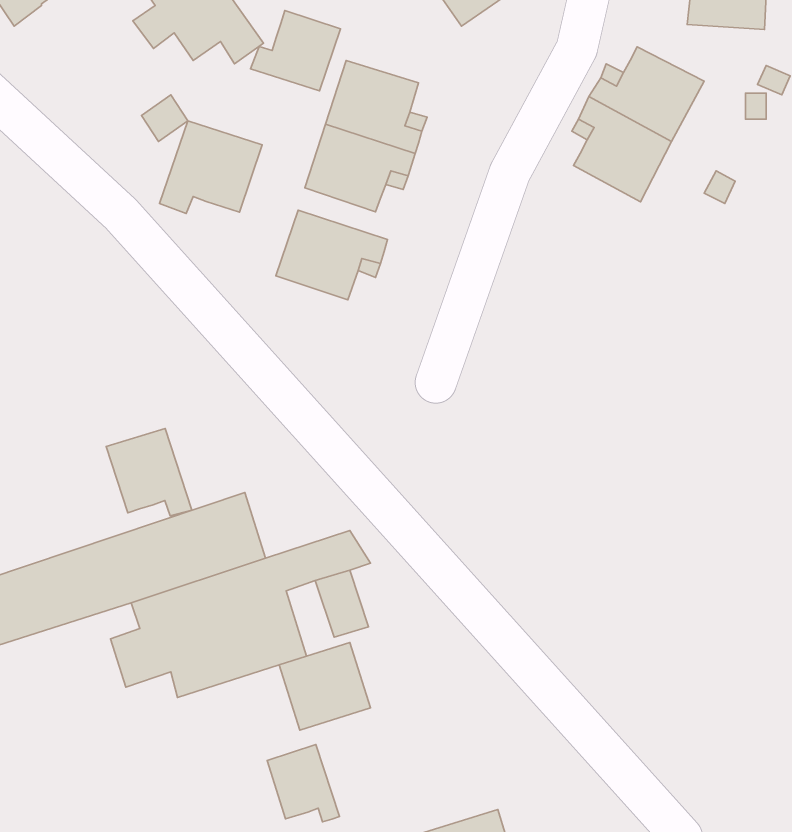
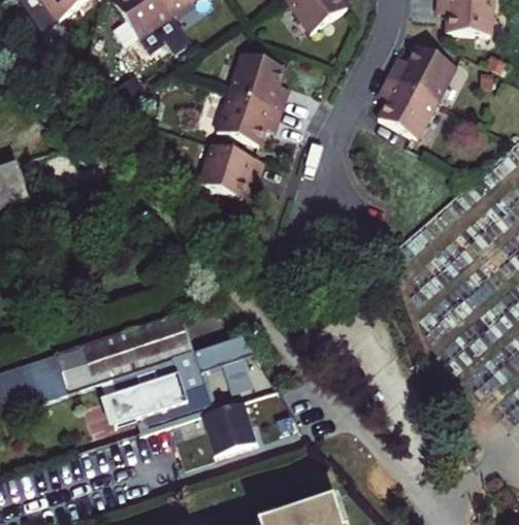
building: [251,11,341,91] -> none
building: [160,121,262,214] -> none
building: [106,429,192,516] -> none
building: [267,745,340,822] -> none

